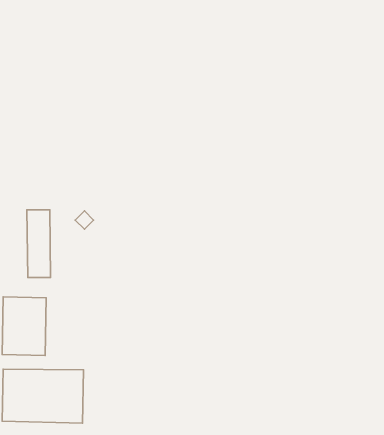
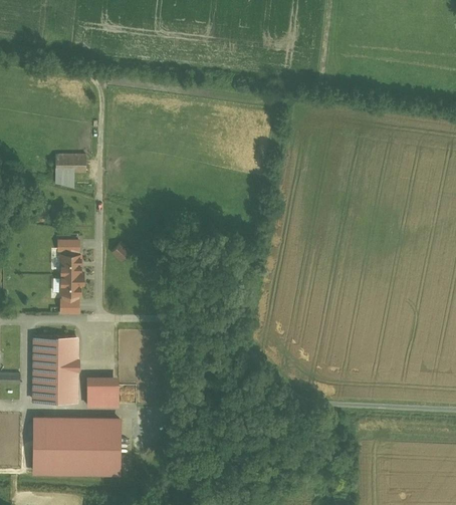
building: none -> [58,155,90,187]
building: none -> [86,385,118,407]

